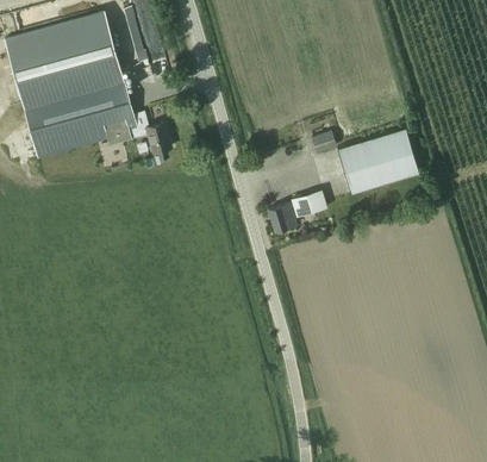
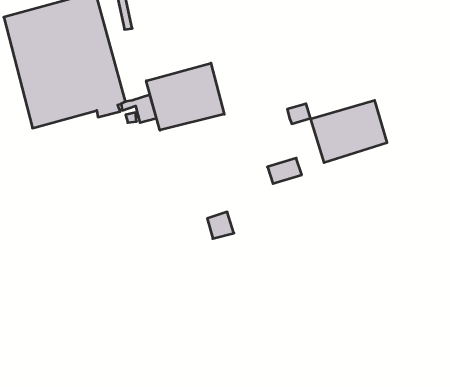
building: none -> [146,63,224,130]
building: [267,202,295,231] -> [207,212,234,239]

